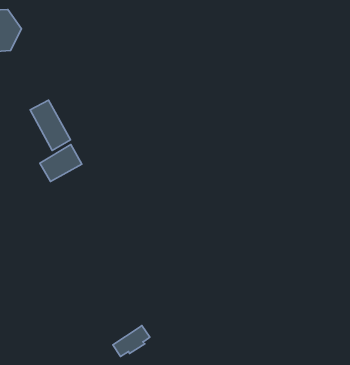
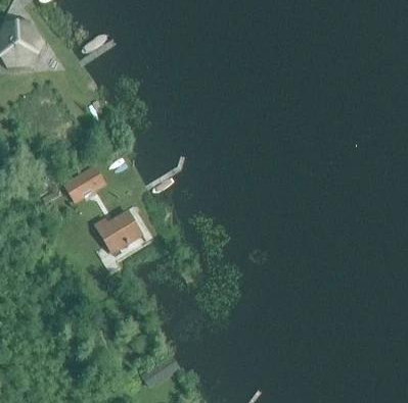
building: [30,100,71,150] -> none
building: none -> [94,212,140,252]

